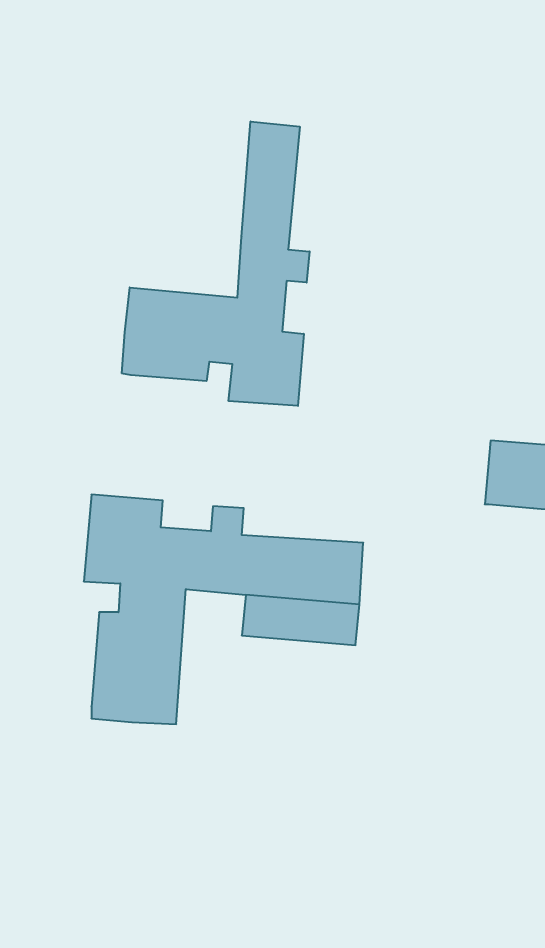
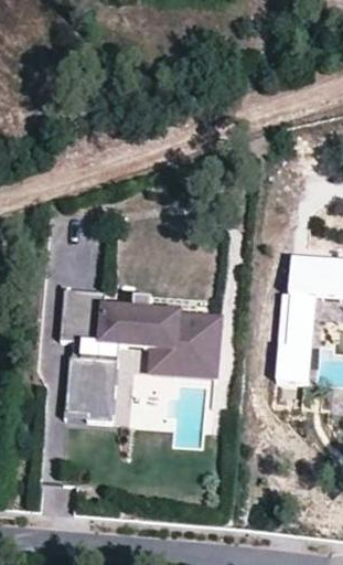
building: [122,121,310,406] -> none
building: none -> [277,294,317,382]

